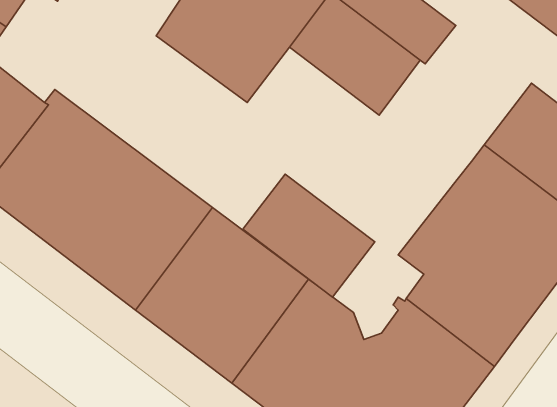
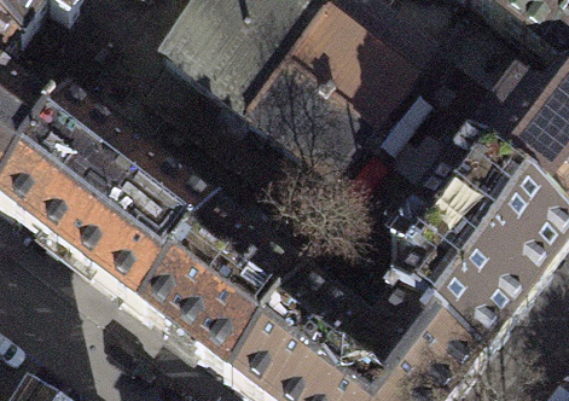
building: [243,174,375,297] -> [252,57,377,173]

